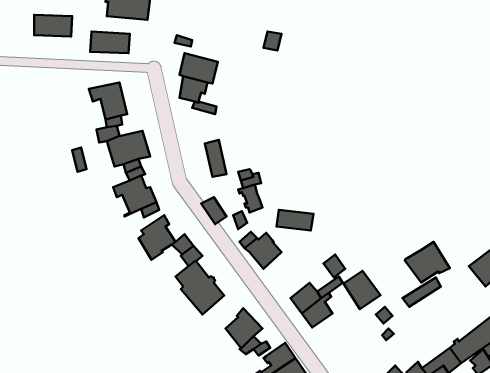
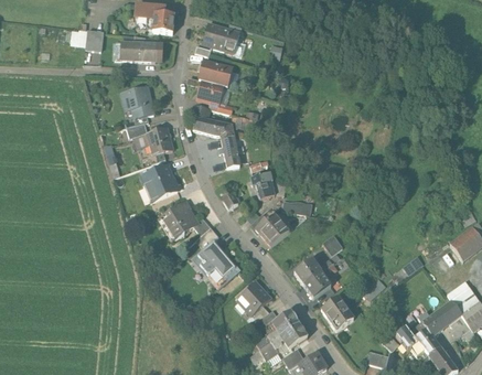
building: none -> [202,22,238,49]
building: none -> [193,116,233,138]
building: [405,242,450,282] -> none
building: [343,271,380,309] -> [322,297,354,330]

